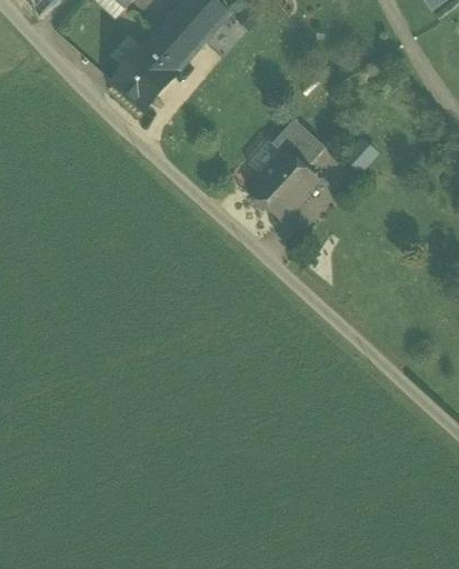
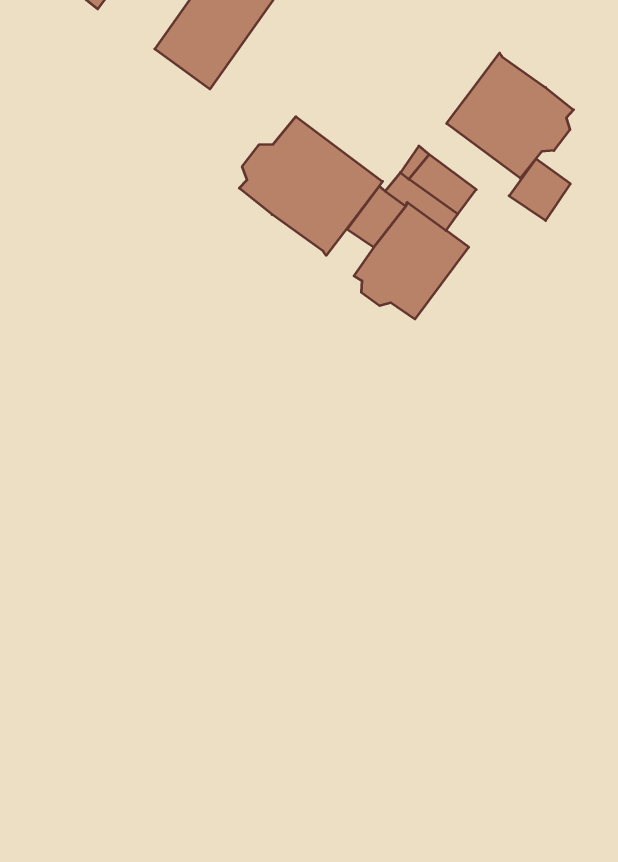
building: [112,42,176,107] -> none
building: none -> [447,53,574,178]
building: none -> [239,117,383,255]

